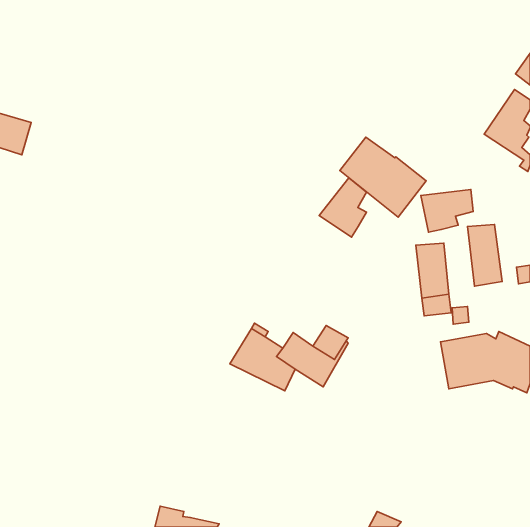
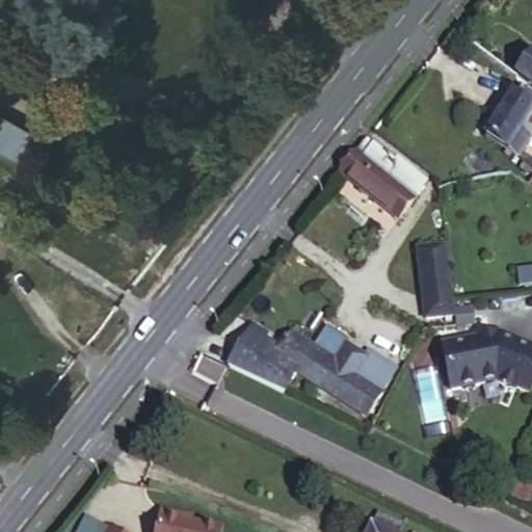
building: [319,178,367,237] -> none
building: [421,190,473,232] -> none
building: [467,224,502,286] -> none
building: none -> [323,343,394,414]

